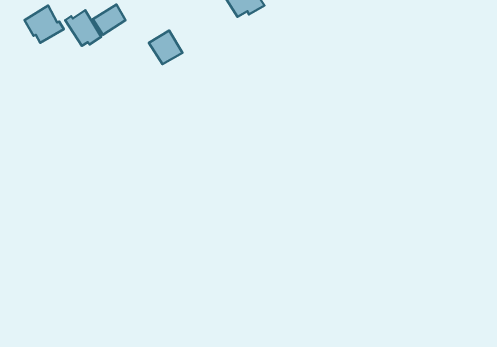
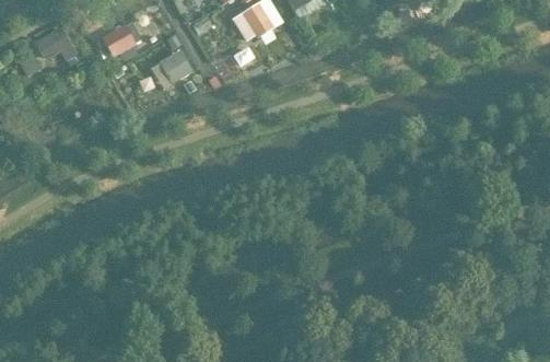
building: [65,10,101,46] -> none

